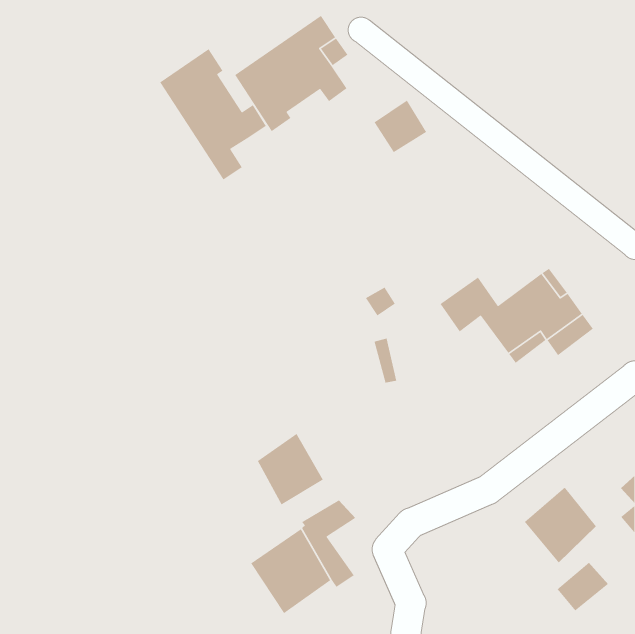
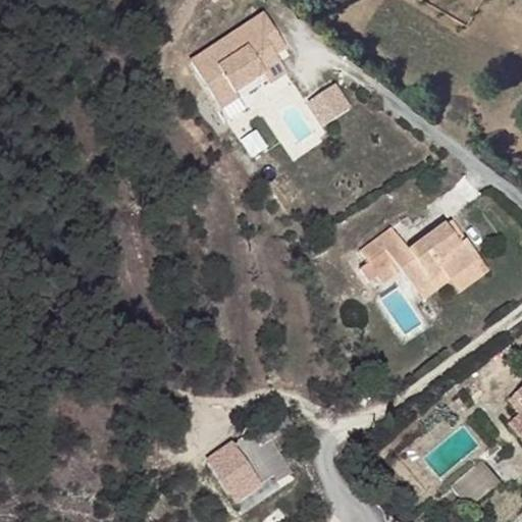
building: [159,48,267,181] -> none
building: [257,433,324,505] -> none
building: [524,487,597,564] -> none

